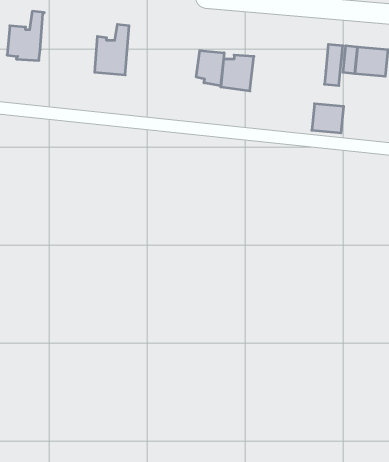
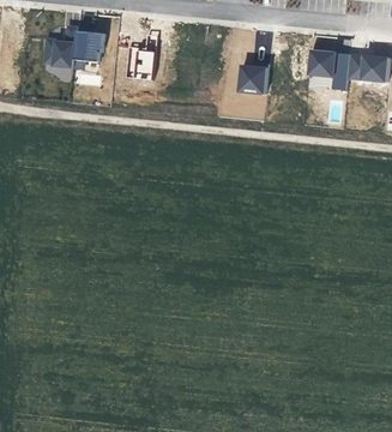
building: none -> [76,25,105,60]
building: [196,51,224,86] -> none
building: [312,104,344,133] -> [307,50,336,77]

